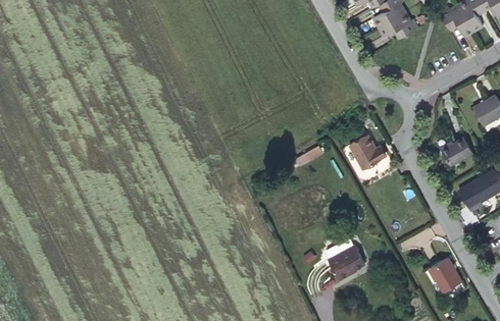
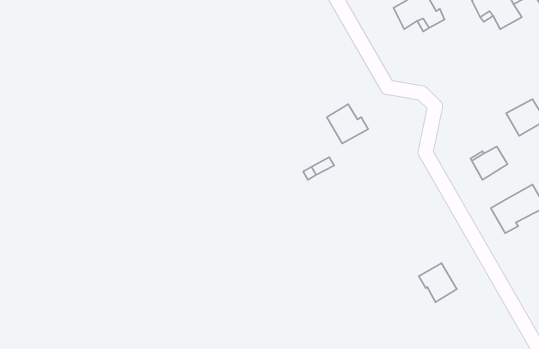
building: [348,135,384,168] -> [327,104,368,143]
building: [328,246,363,281] -> none
building: [428,258,460,291] -> [419,263,457,302]

